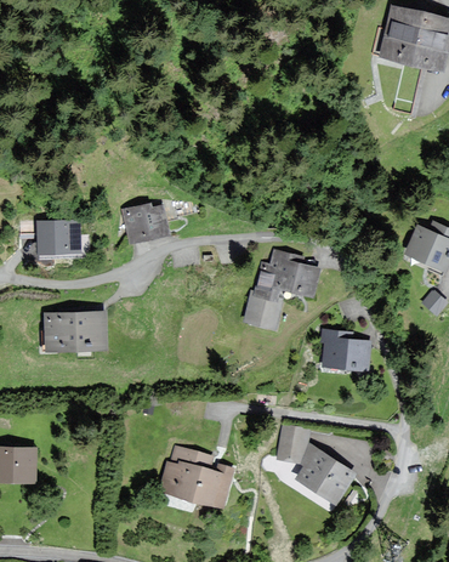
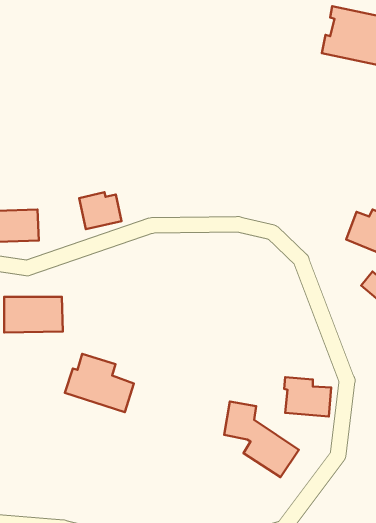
building: [243,250,318,330] -> none
building: [320,329,370,370] -> [284,377,331,416]
building: [158,447,231,509] -> [65,354,134,412]

